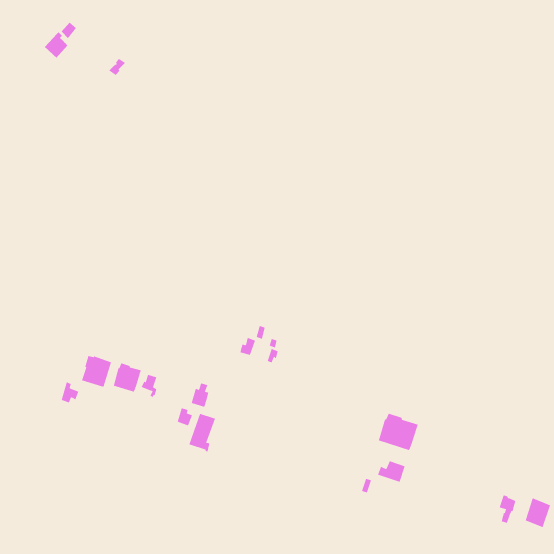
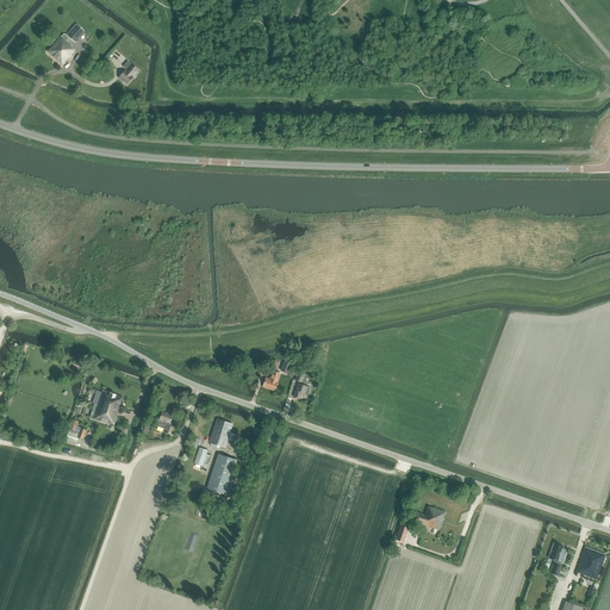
building: [113,363,141,393] -> none
building: [378,413,419,451] -> none

